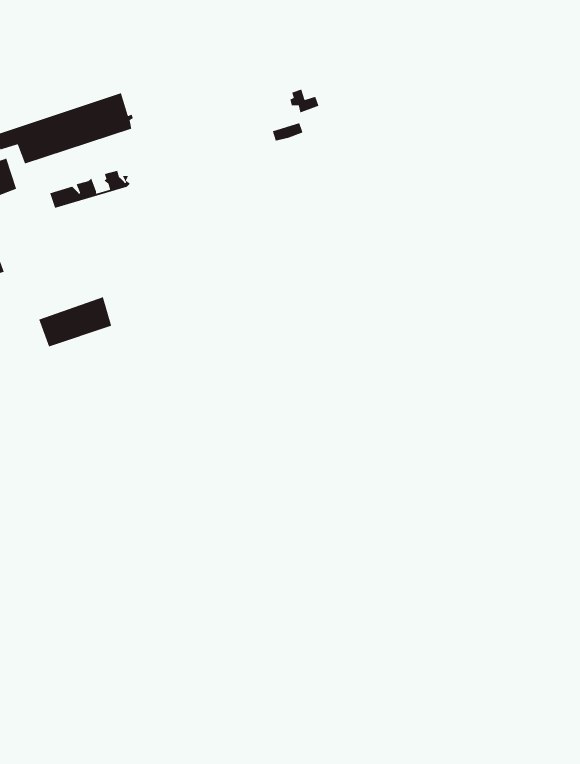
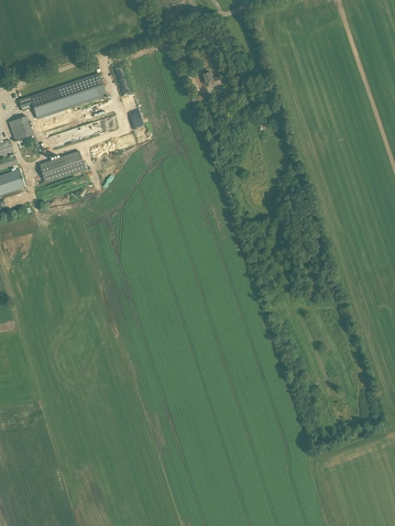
building: [38,296,112,347] -> [37,150,84,182]

